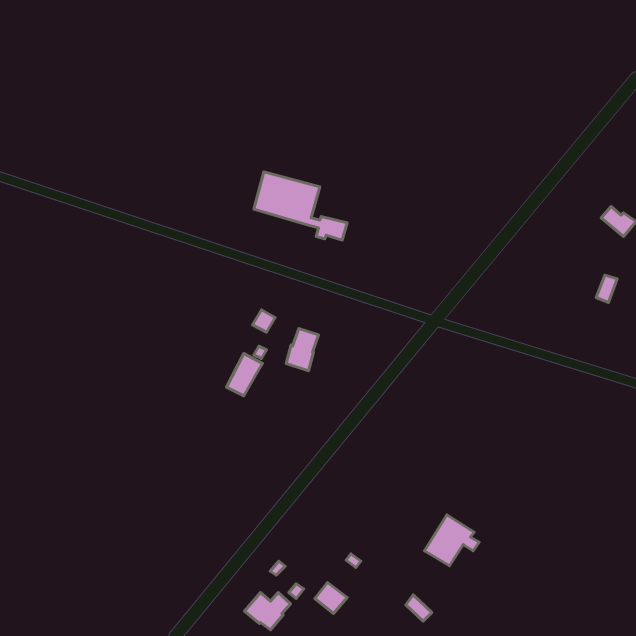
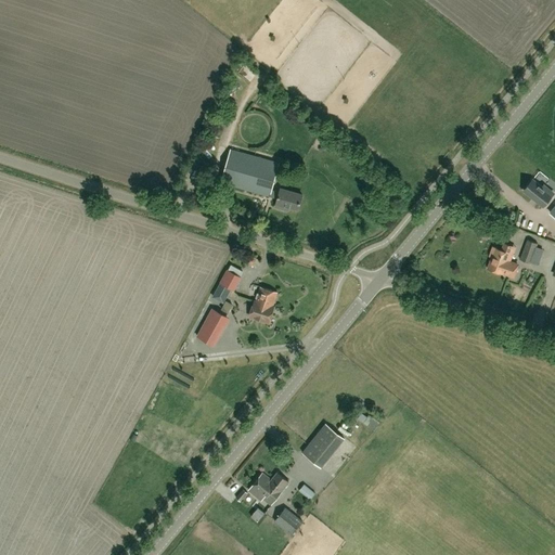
building: none -> [487,243,519,278]
building: [425,515,479,566] -> [305,421,352,465]
building: [244,592,291,630] -> [248,473,288,505]

